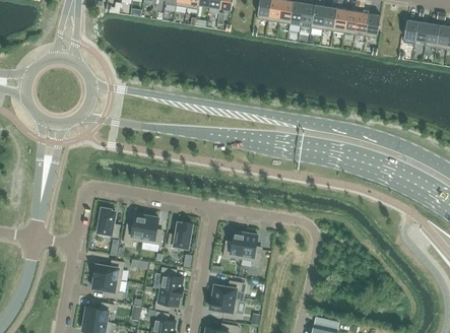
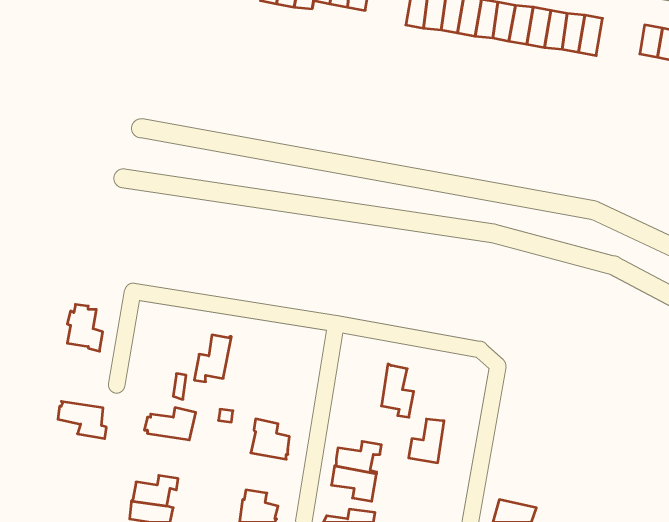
building: [97,208,119,238] -> [67,304,103,351]
building: [141,215,162,245] -> none
building: [167,222,191,248] -> none
building: [222,231,245,259] -> [409,419,444,463]
building: [91,276,122,299] -> [58,401,106,439]
building: [154,288,181,311] -> none

